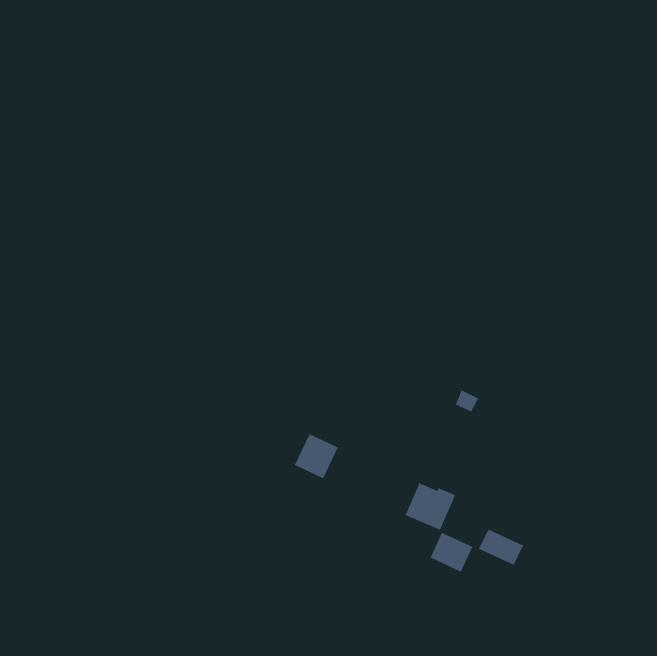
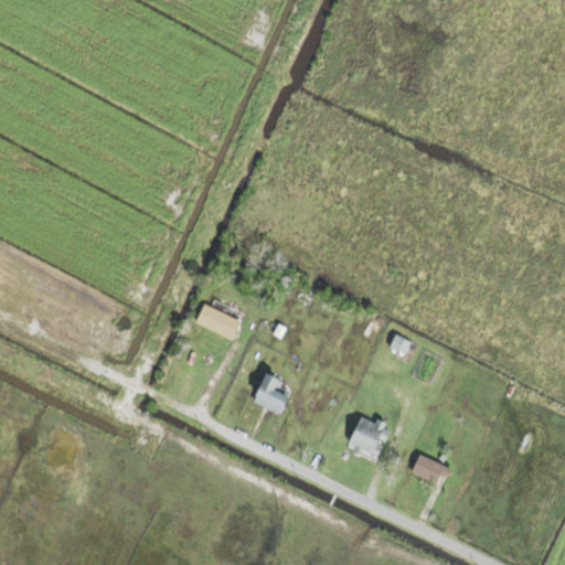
building: none -> [195,305,242,340]
building: [430,532,473,573] -> none

